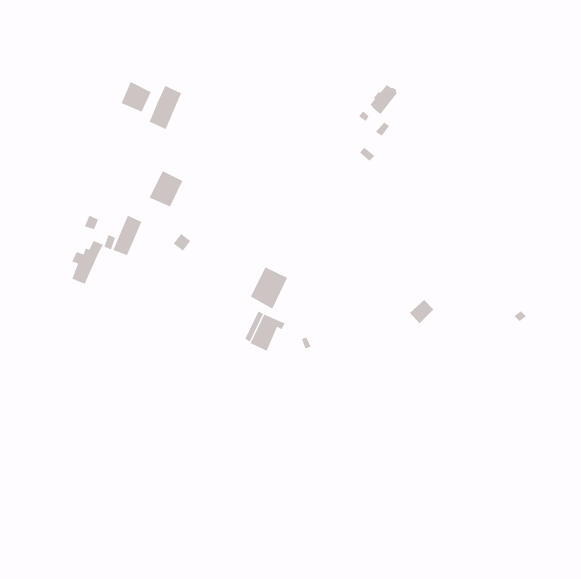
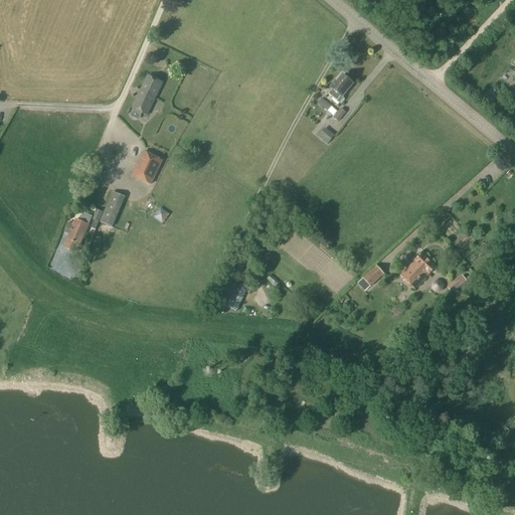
building: [121,81,151,113] -> none
building: [250,267,288,309] -> none
building: none -> [400,253,435,288]

